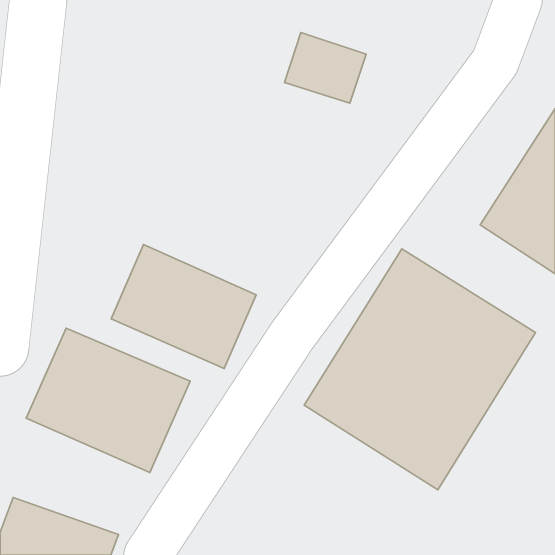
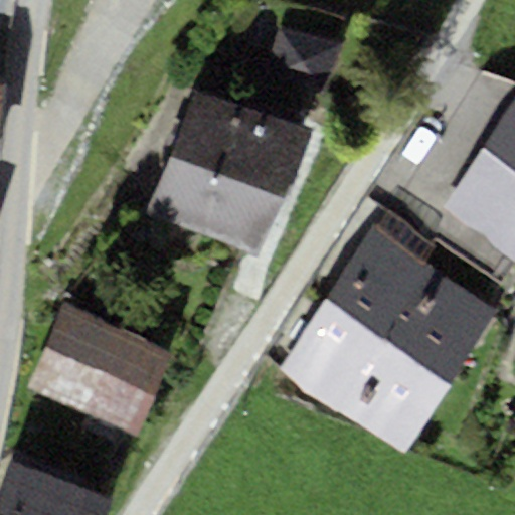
building: none -> [146,92,309,258]
building: [111,245,256,369] -> none

